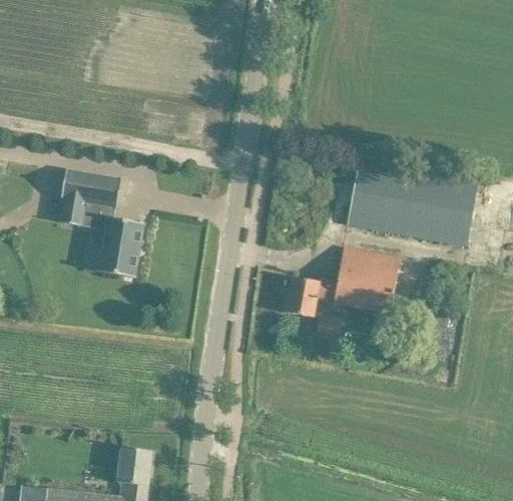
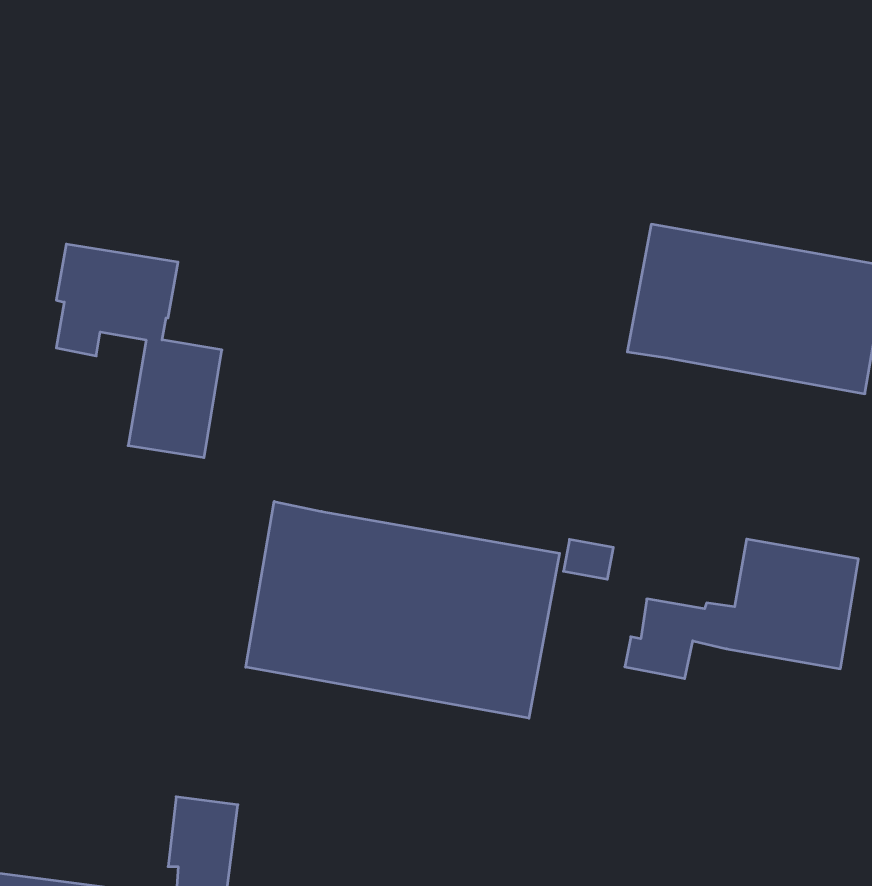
building: [282,247,399,318] -> [625,539,858,679]
building: none -> [246,501,560,718]

